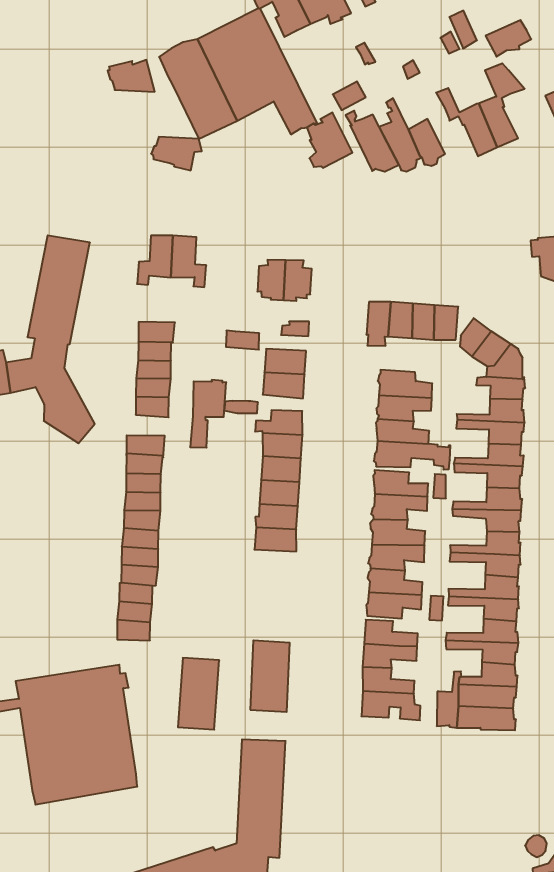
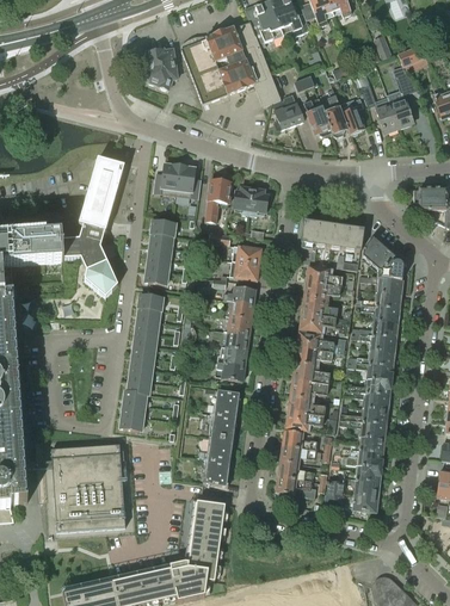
building: [151,137,202,170] -> [144,66,178,89]
building: [190,380,226,448] -> [205,178,233,222]
building: [178,658,219,730] -> [210,390,241,439]

